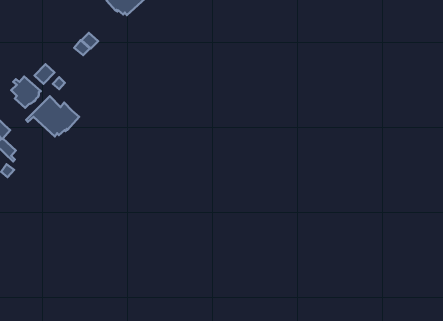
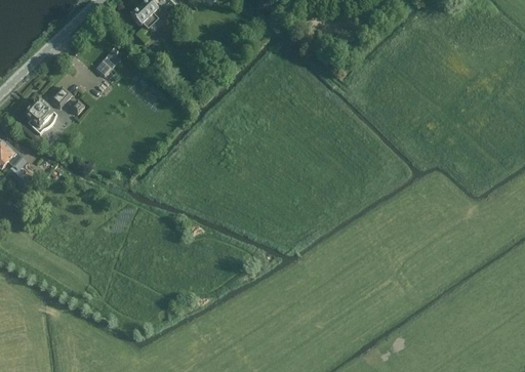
building: [26,96,79,137] -> none

